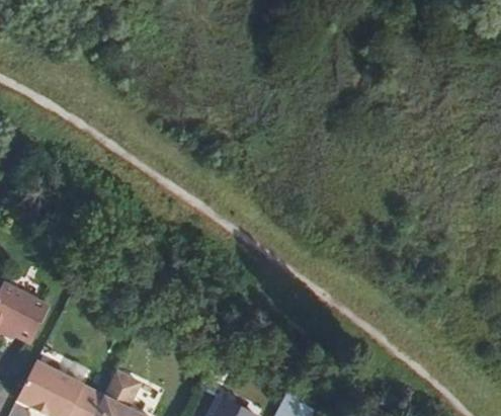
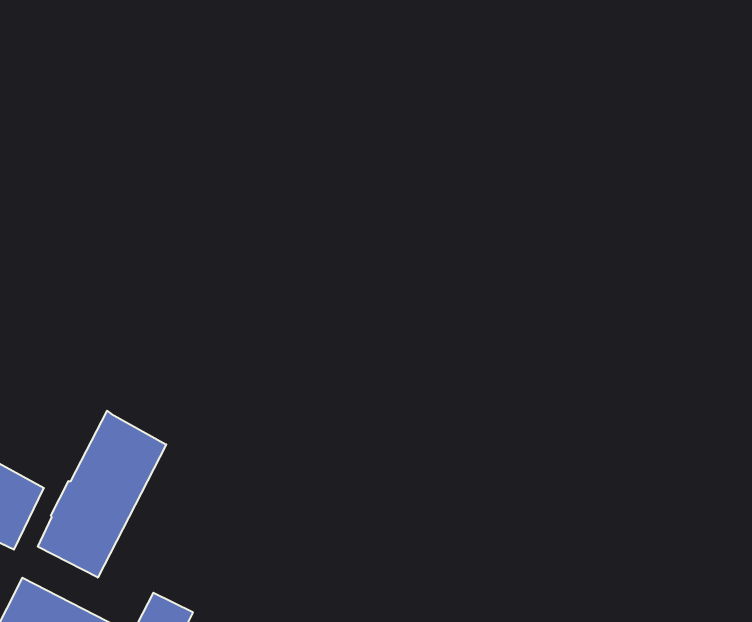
building: none -> [38,411,166,578]

